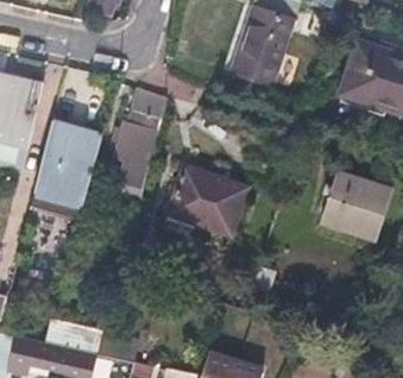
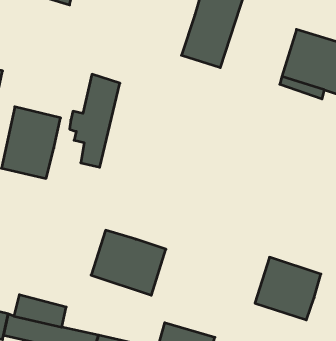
building: [171,168,251,237] -> [91,230,166,295]
building: [320,174,390,240] -> [255,257,321,320]

